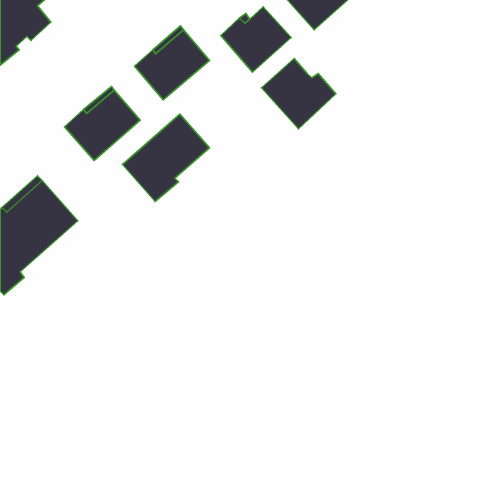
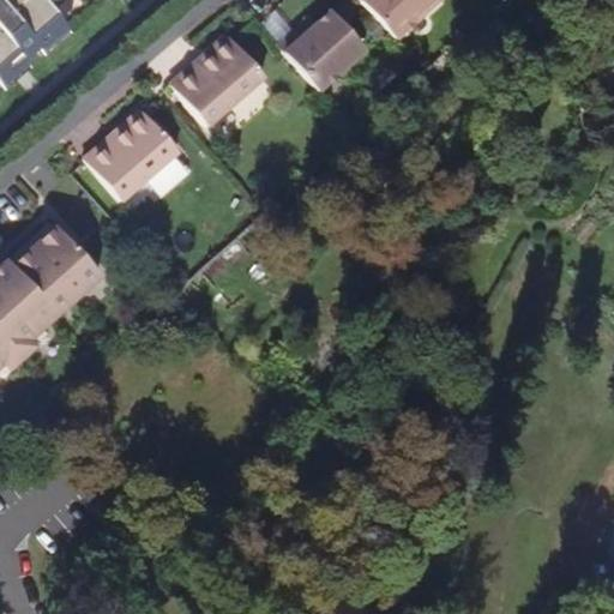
building: [262,59,336,129] -> none
building: [123,114,210,202] -> none

